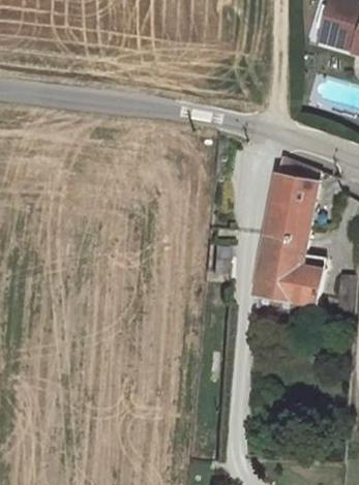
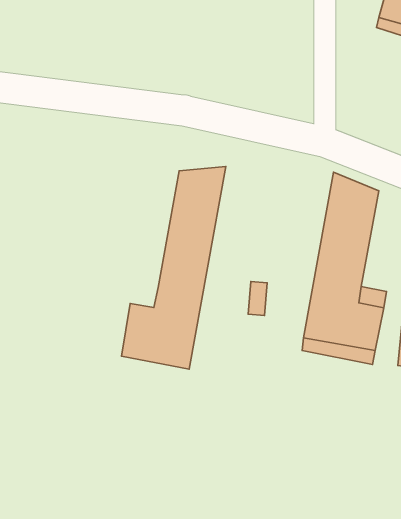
building: none -> [121,166,226,369]

